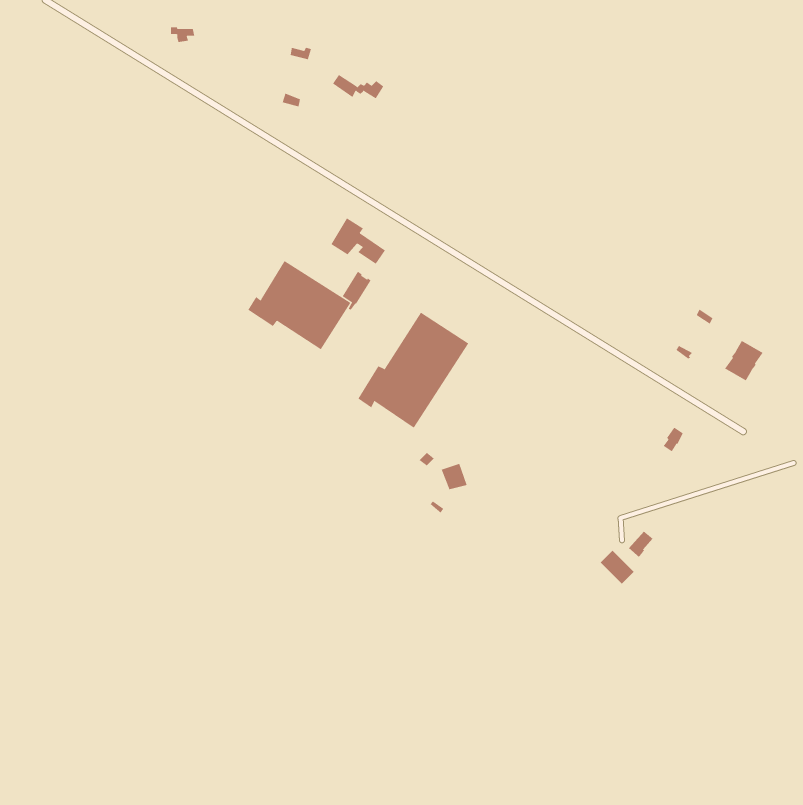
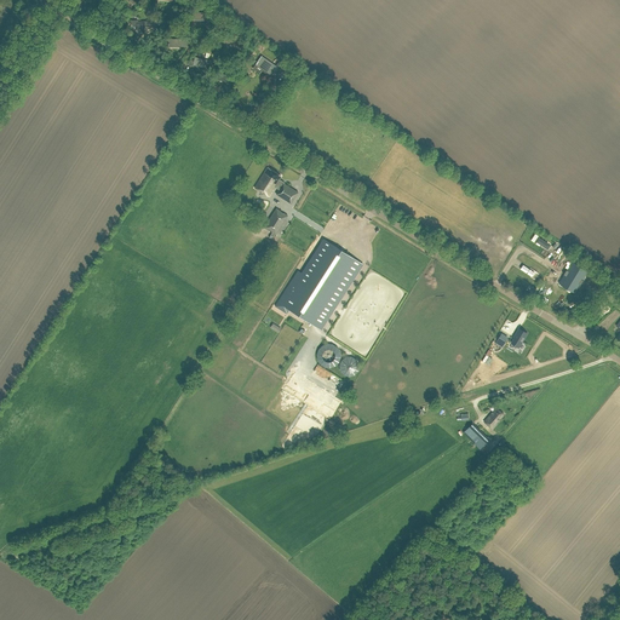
building: [248,260,351,350] -> none

